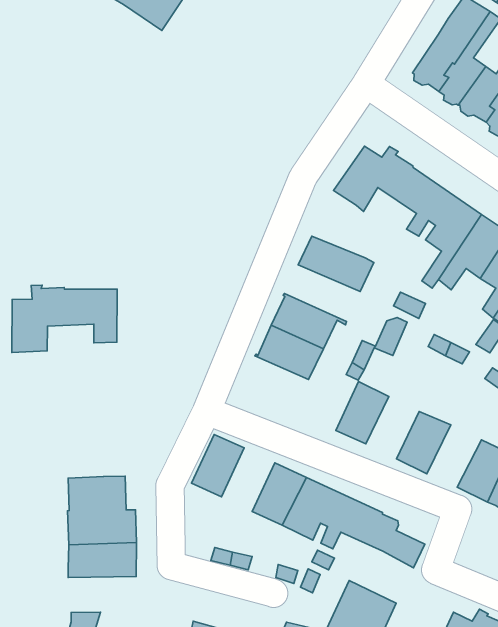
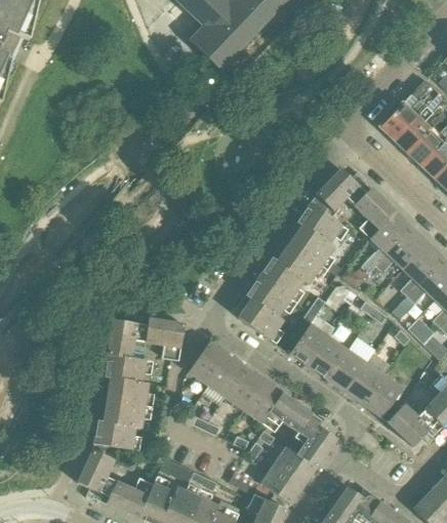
building: none -> [296,194,342,242]
building: none -> [272,239,322,282]
building: [12,285,117,352] -> [108,312,185,359]
building: none -> [232,294,284,338]
building: none -> [309,336,348,378]
building: none -> [346,362,385,404]
building: none -> [207,354,246,397]
building: none -> [282,438,326,474]
building: none -> [94,419,141,448]

